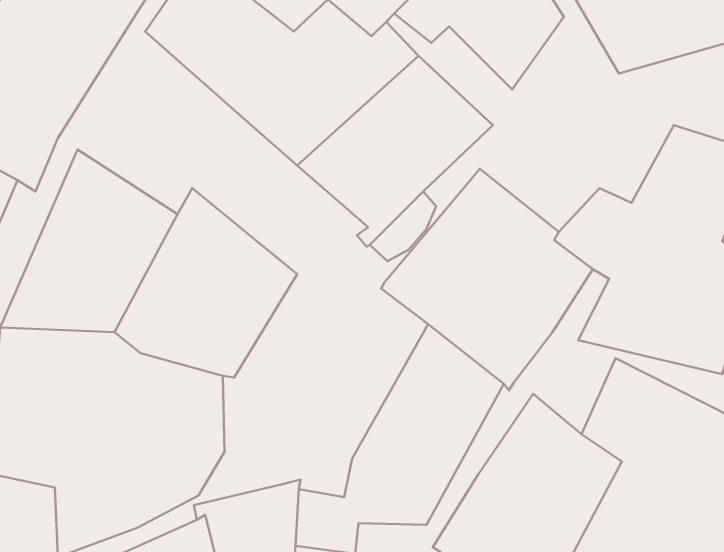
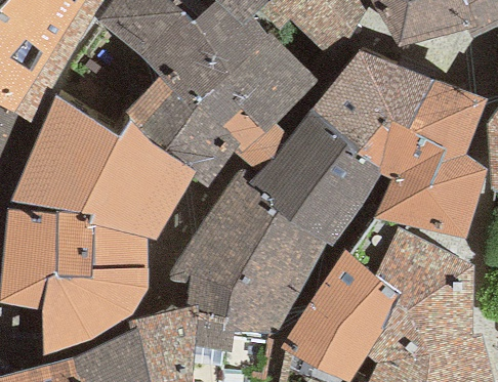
building: none -> [310,50,433,148]
building: none -> [122,76,240,187]
building: none -> [166,170,278,316]

